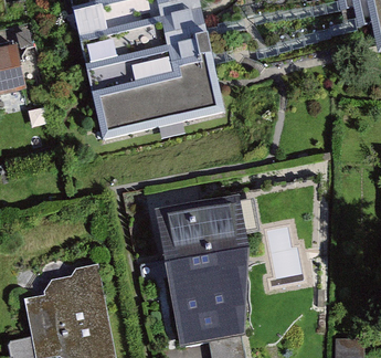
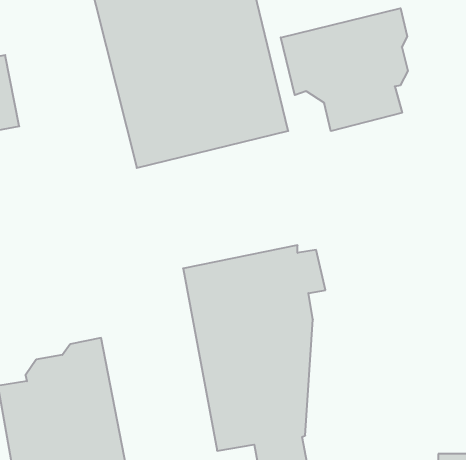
building: none -> [281,8,408,131]

